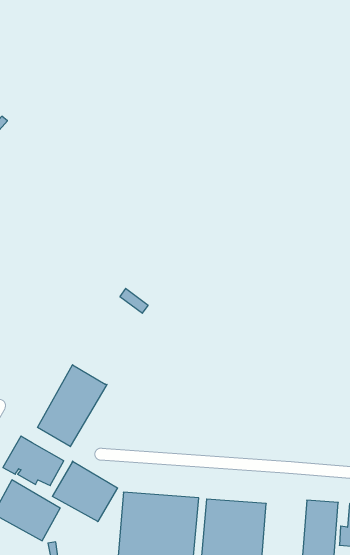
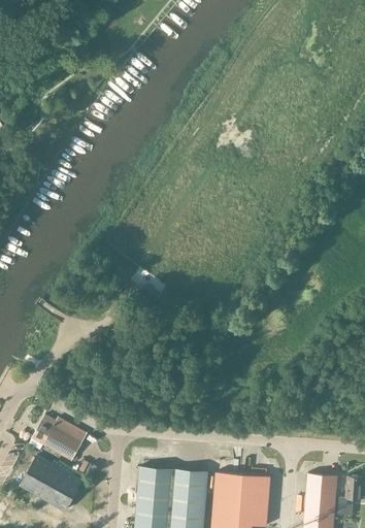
building: [38,365,107,447] -> none
building: [52,461,118,522] -> none

